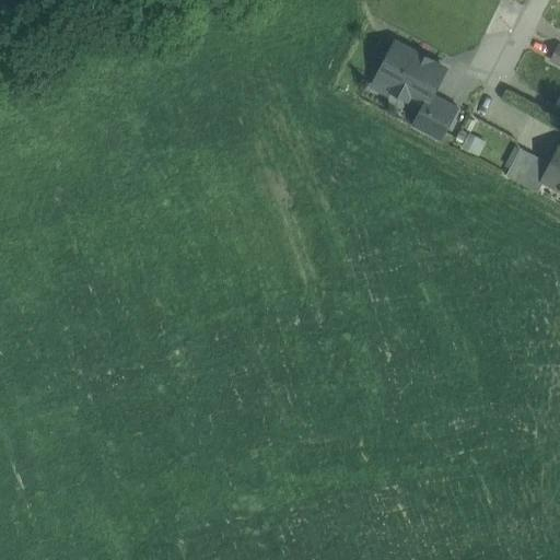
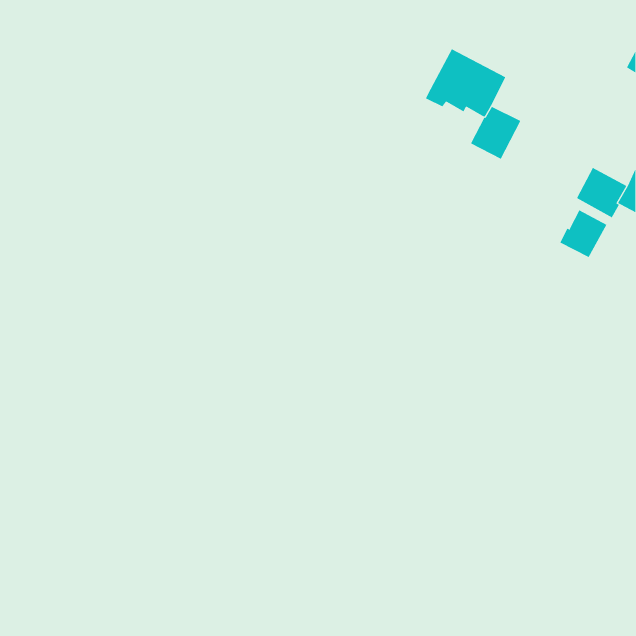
building: none -> [559,210,607,258]

